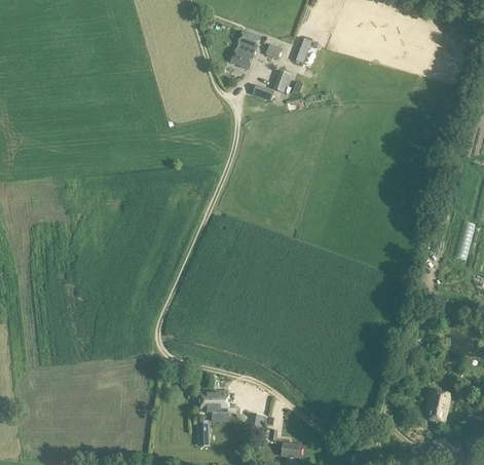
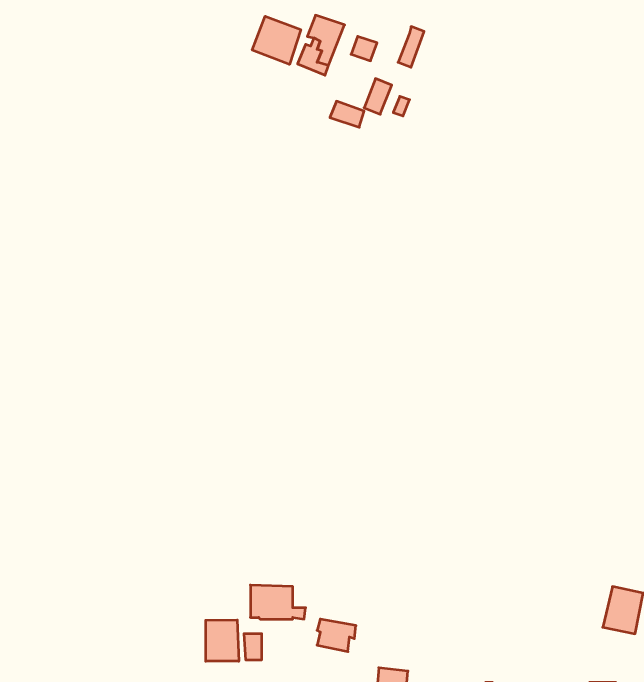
building: none -> [252,16,301,64]
building: none -> [206,620,239,661]

